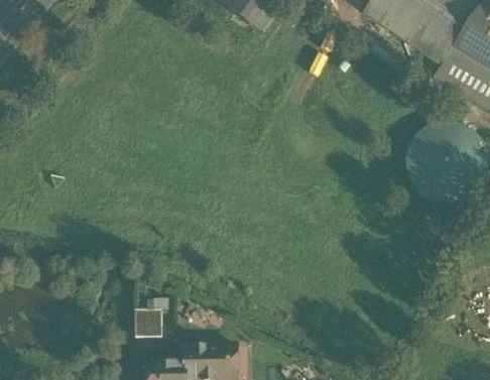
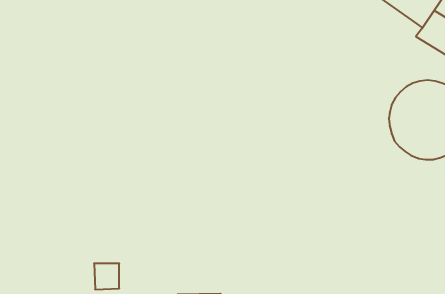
building: [137,308,163,336] -> [94,263,119,289]

